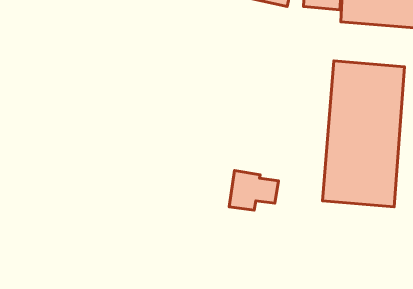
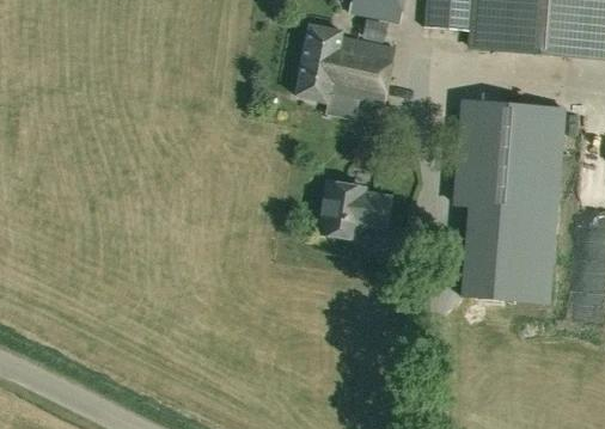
building: none -> [295,25,397,108]
building: [229,170,278,210] -> [322,182,390,237]

